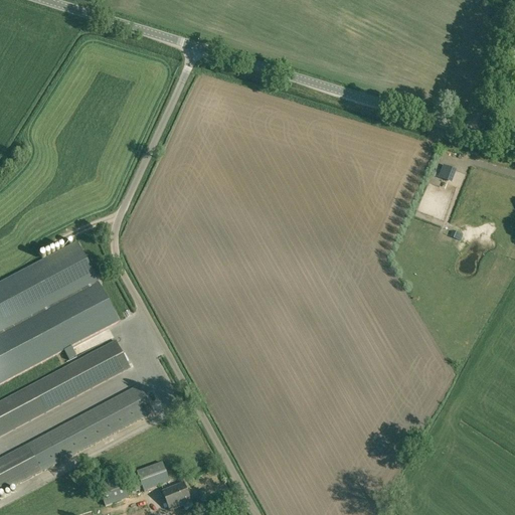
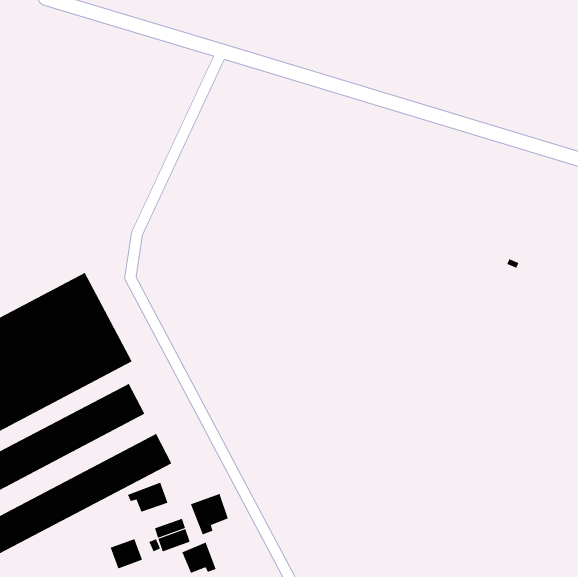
building: none -> [127,482,168,513]
building: none -> [190,493,229,535]

